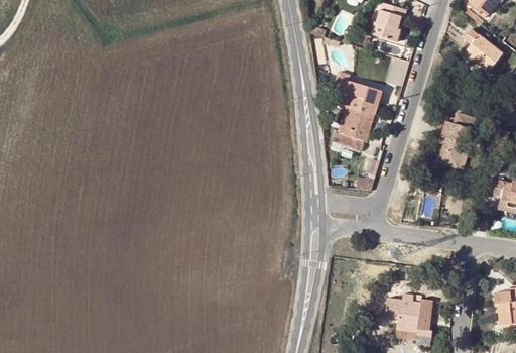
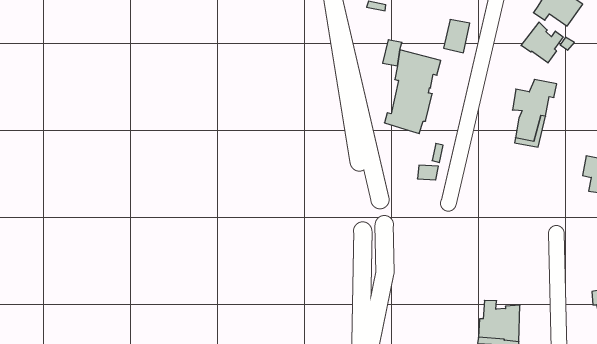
building: none -> [521,22,563,63]

